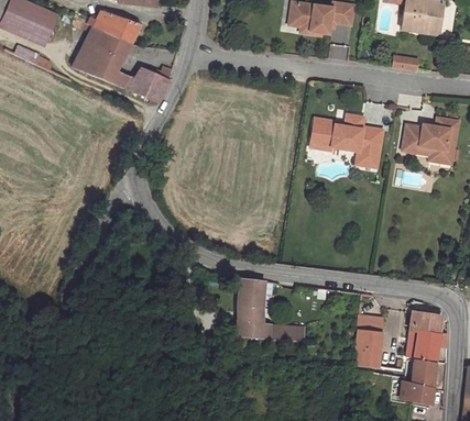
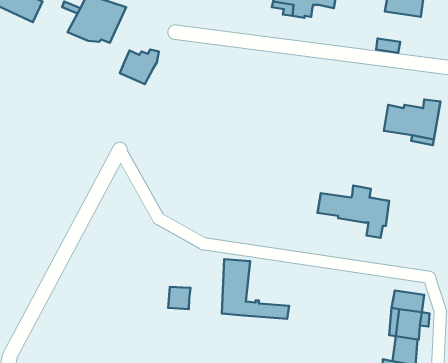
building: [74,49,139,91] -> none
building: [310,113,383,166] -> [317,186,389,238]
building: none -> [168,287,191,309]
building: [354,315,382,365] -> none

